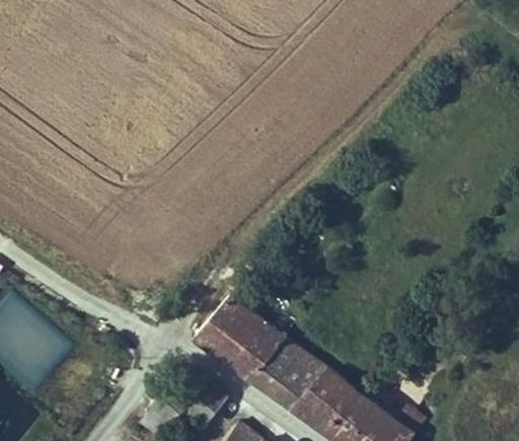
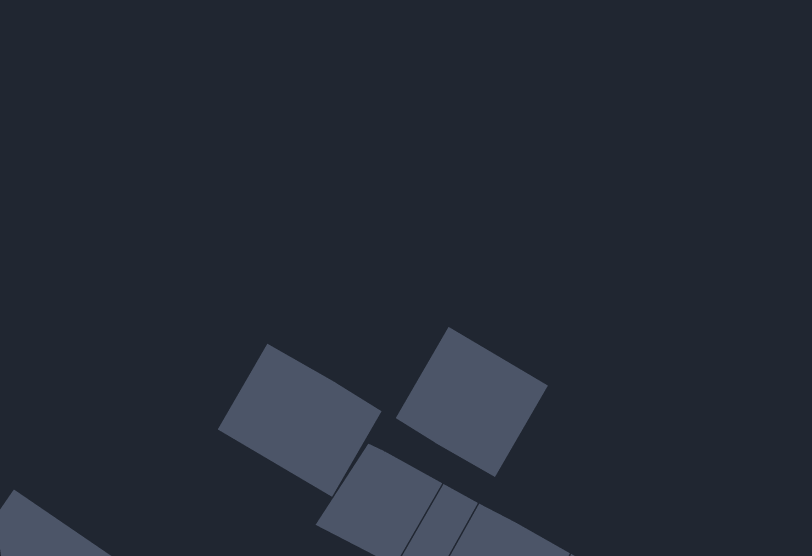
building: none -> [217,343,382,498]
building: none -> [395,326,549,478]

